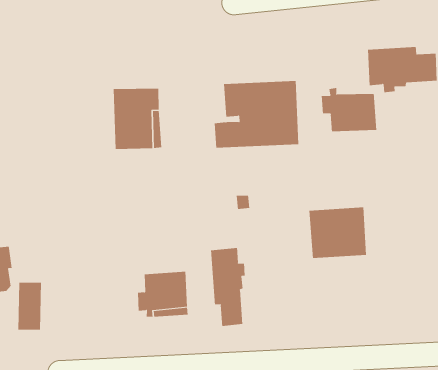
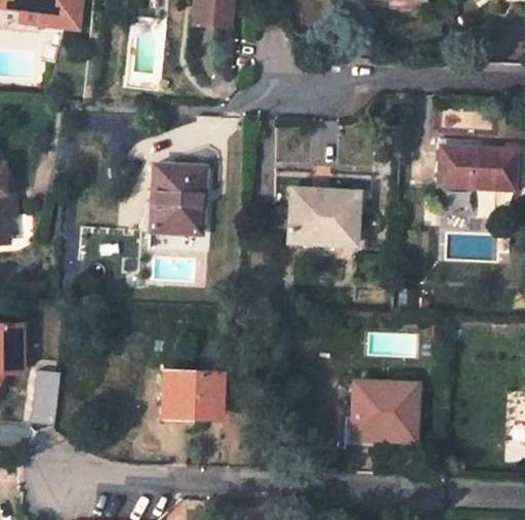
building: [321,87,377,132] -> none
building: [309,207,367,259] -> [355,383,417,438]
building: [211,247,245,327] -> none

